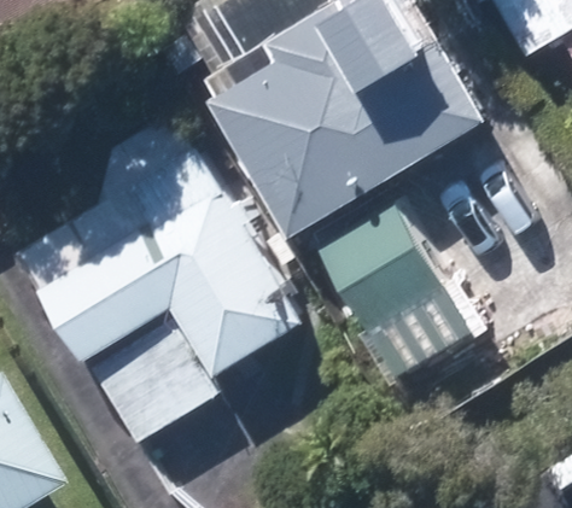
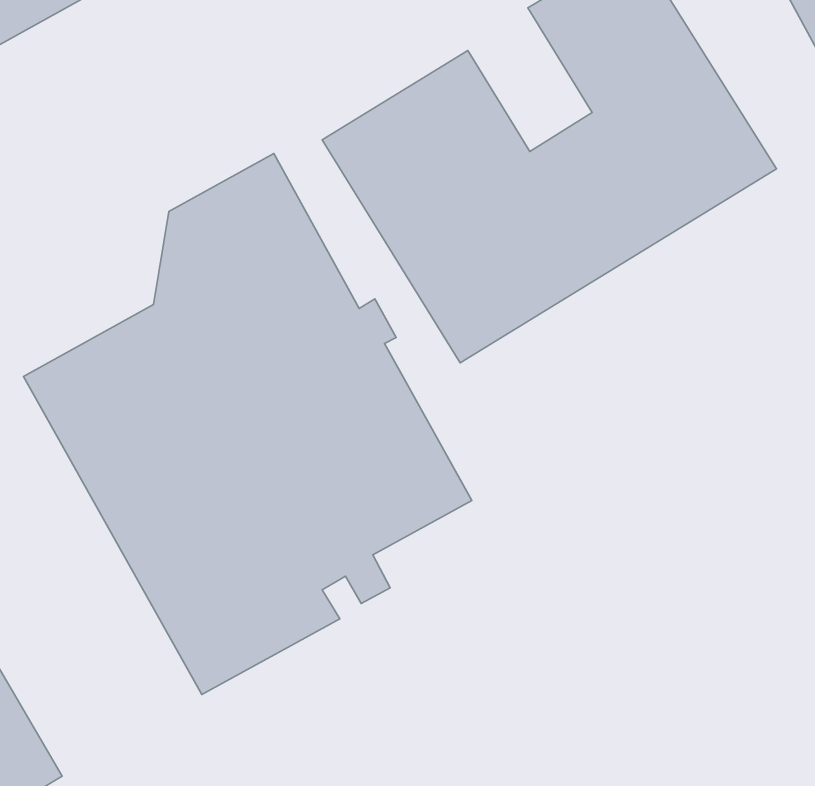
building: [316,203,442,333] -> none

